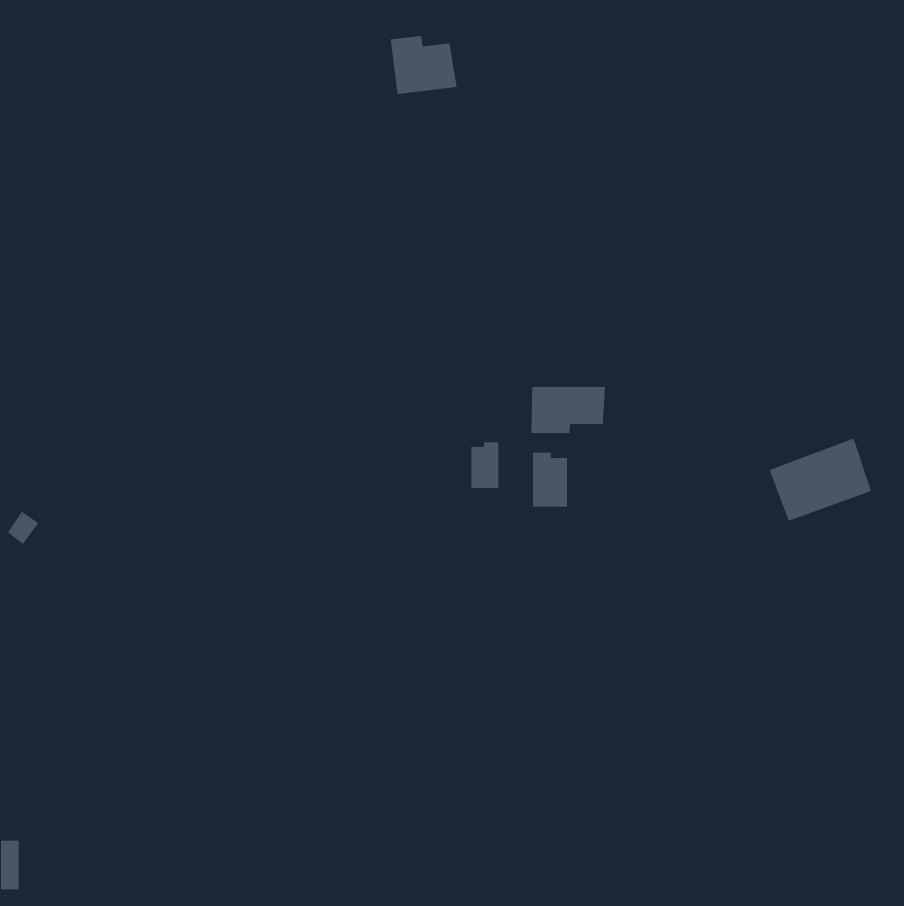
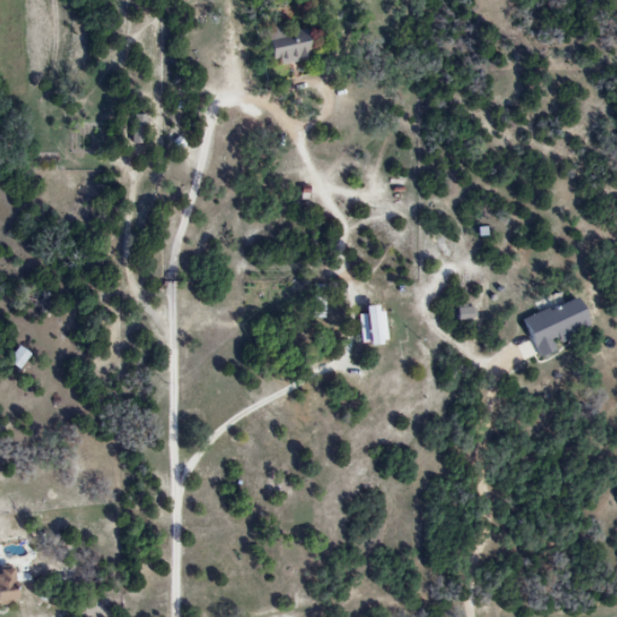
building: [531,386,605,434] -> none
building: [471,442,499,489] -> none

